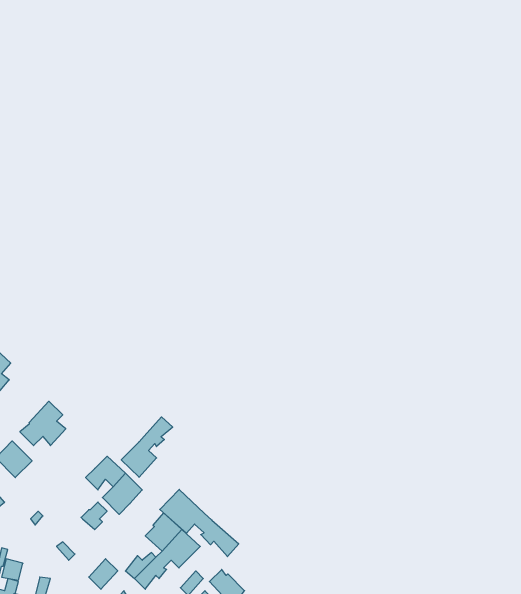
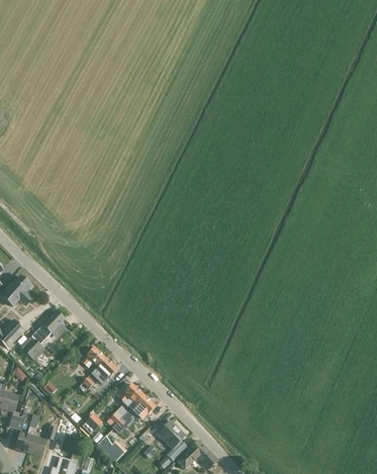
building: [121,417,173,477] -> none
building: [160,489,239,557] -> none

